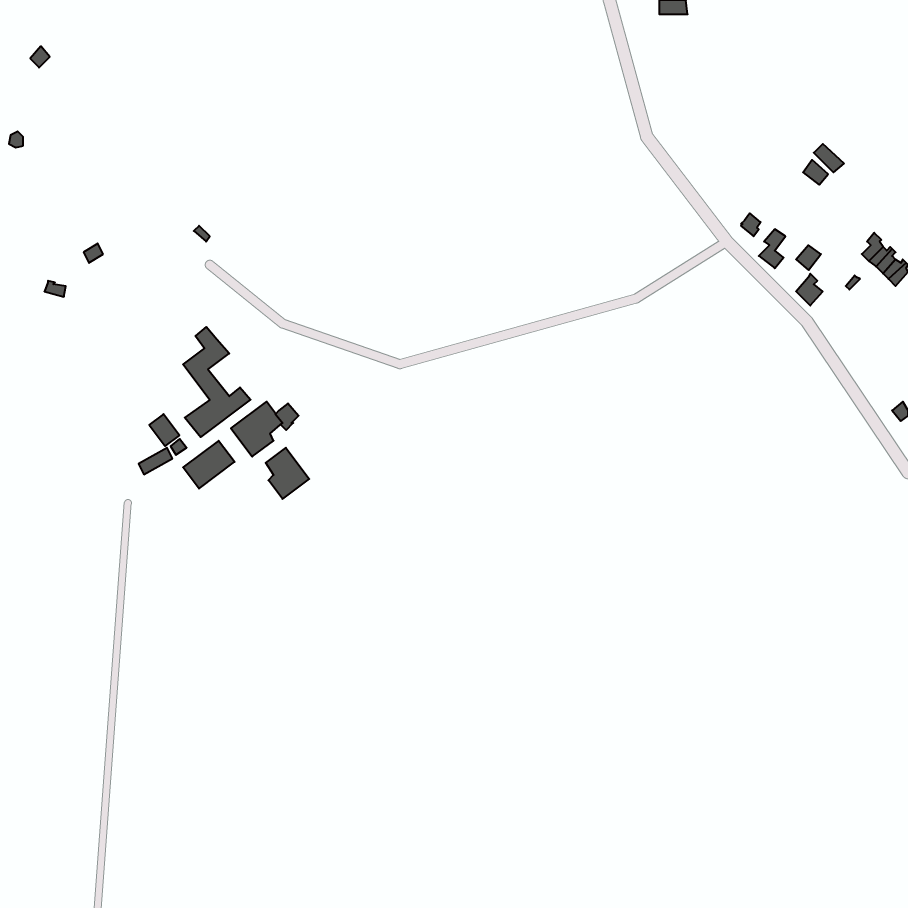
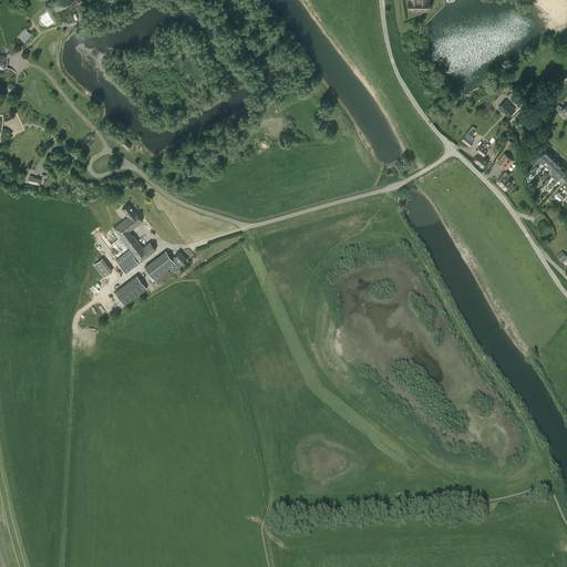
building: [266,448,309,499] -> none

